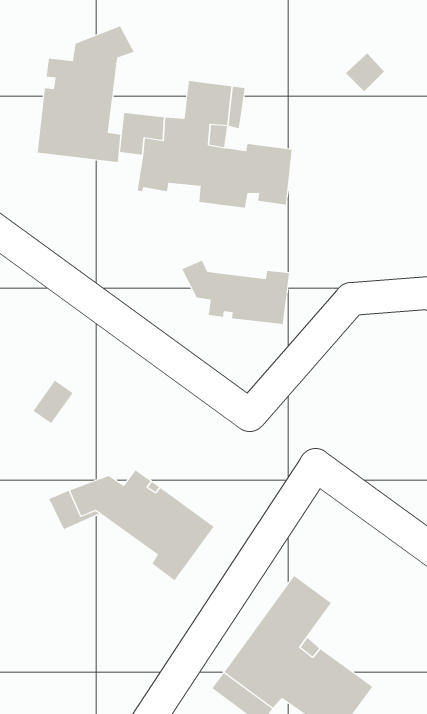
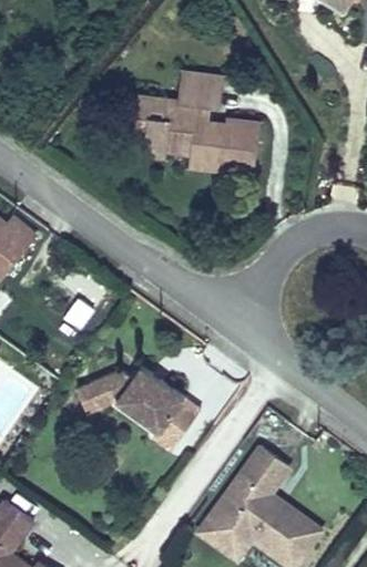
building: [37,25,135,163] -> none
building: [182,260,289,325] -> none

